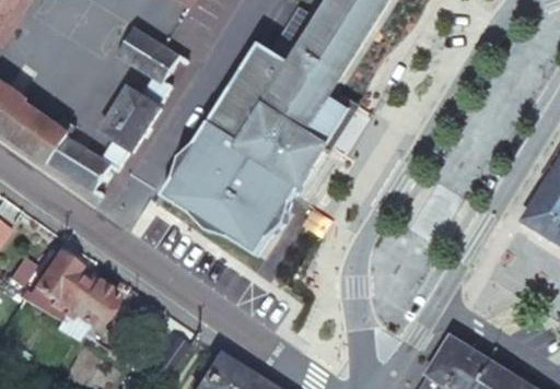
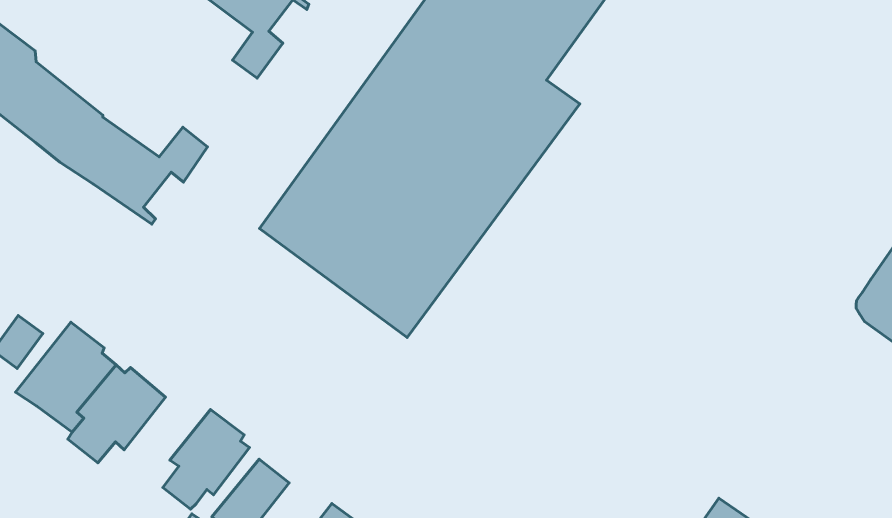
building: [103,86,160,148] -> none
building: none -> [163,410,249,509]

